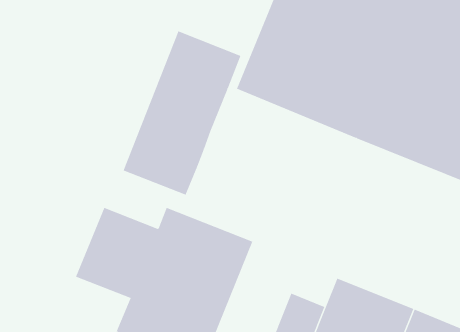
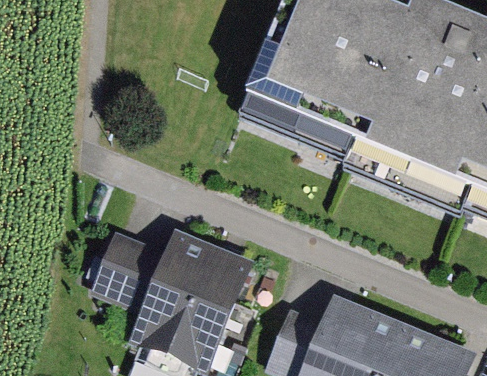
building: [123,30,241,196] -> none

